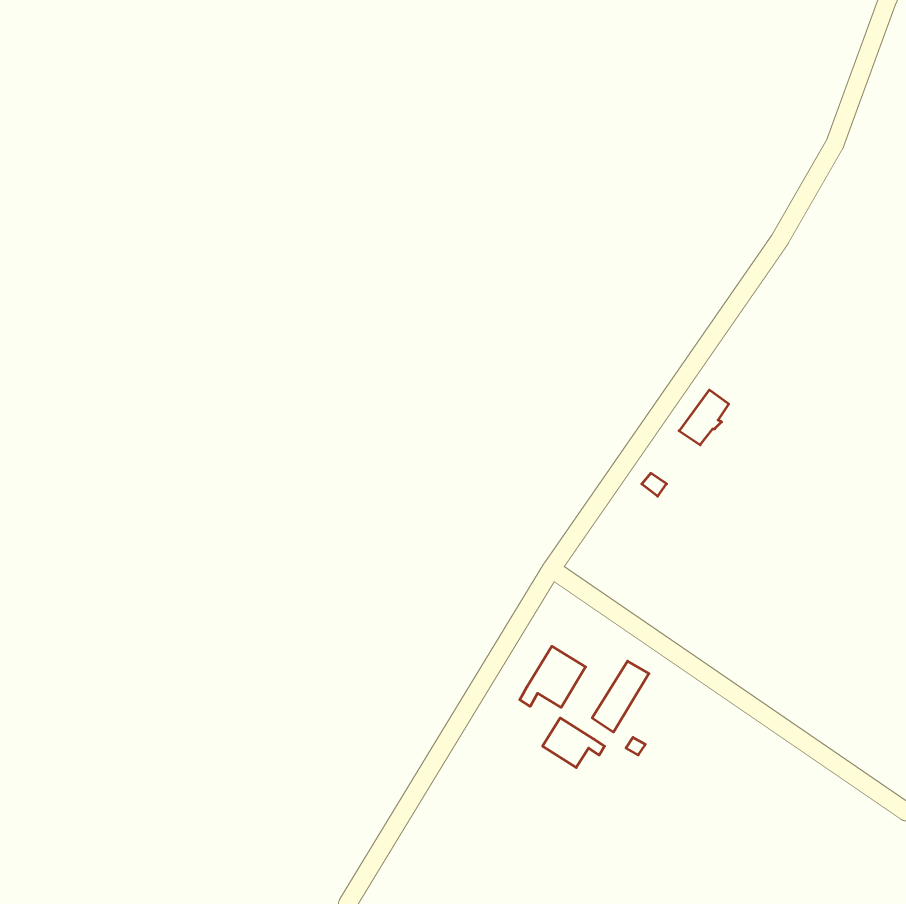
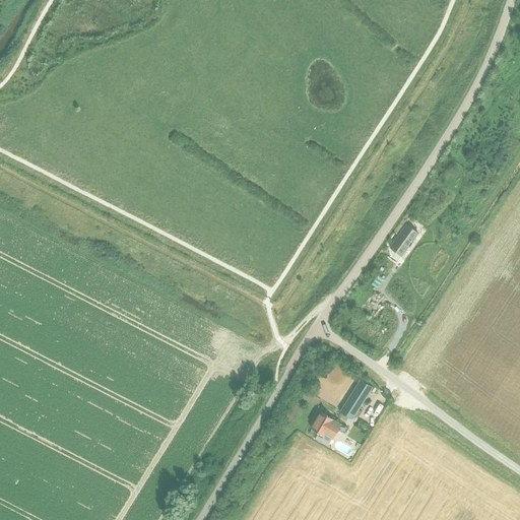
building: [520,646,586,707] -> none

